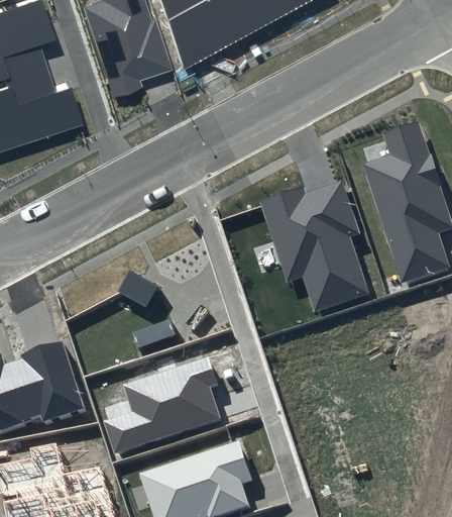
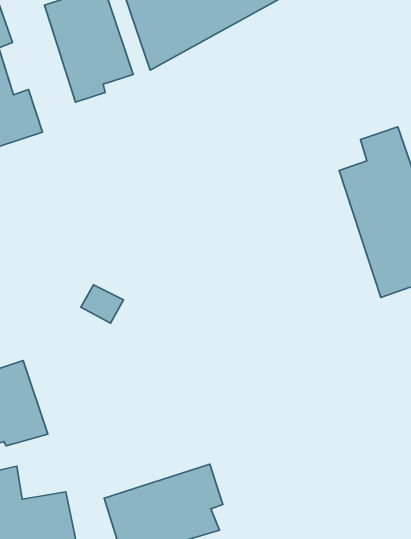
building: [259,182,369,313] -> none
building: [104,357,221,454] -> none

